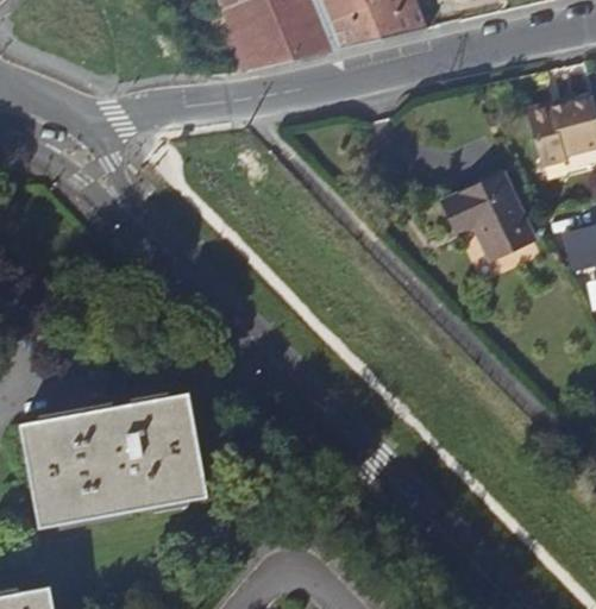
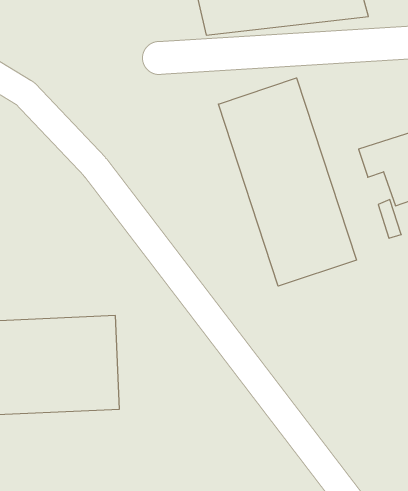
building: none -> [218,78,357,286]

